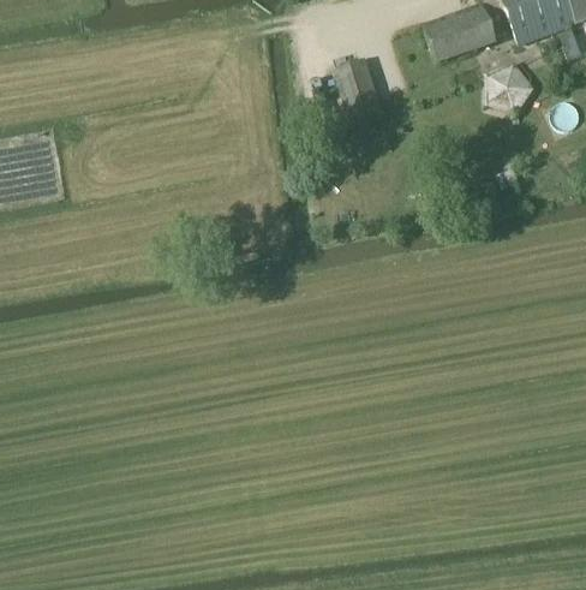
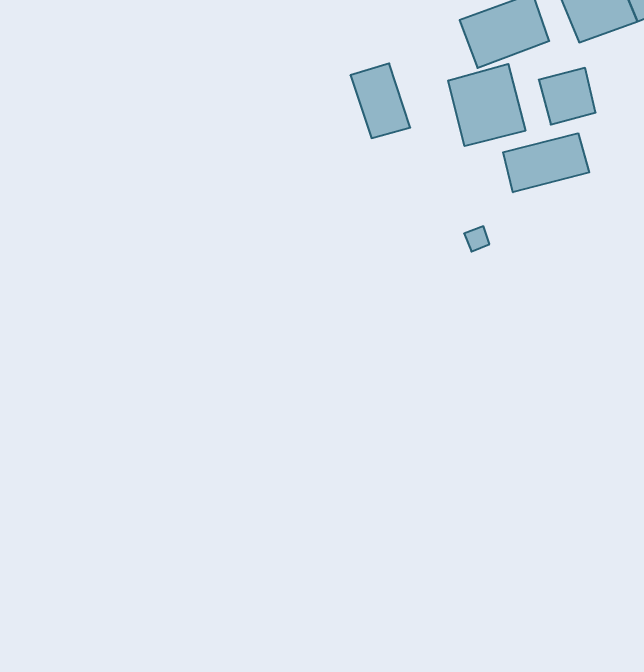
building: none -> [448,64,525,146]
building: none -> [503,133,589,192]

